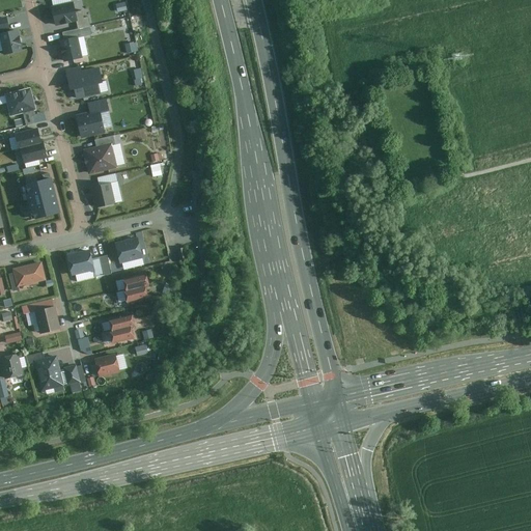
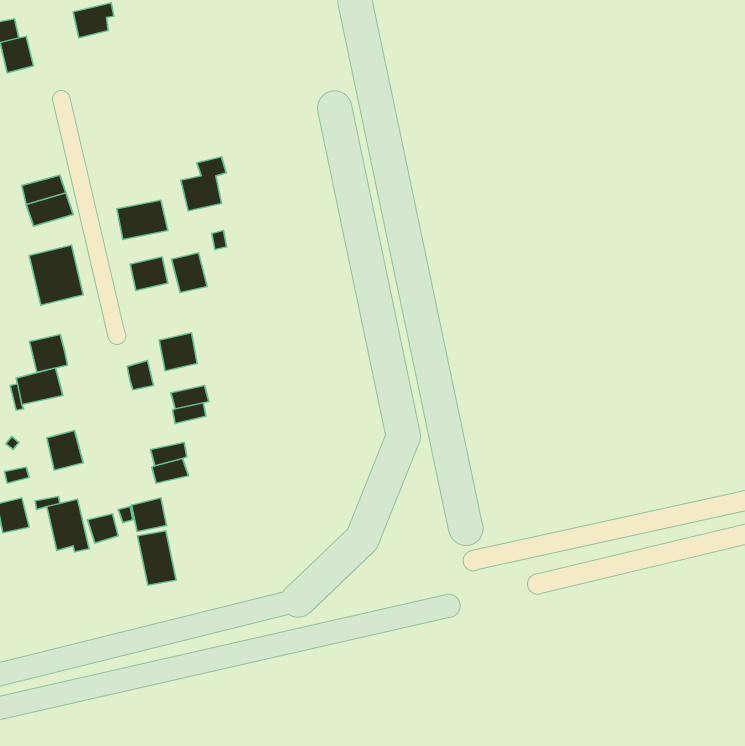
building: [60,28,90,62] -> none
building: [71,64,107,96] -> none
building: [6,85,38,113] -> none
building: [76,100,108,138] -> [181,157,226,211]
building: none -> [172,253,207,293]
building: [65,249,92,276] -> [30,334,68,372]
building: none -> [137,531,176,585]

